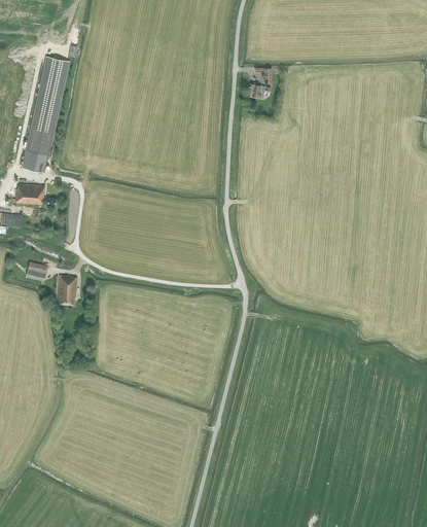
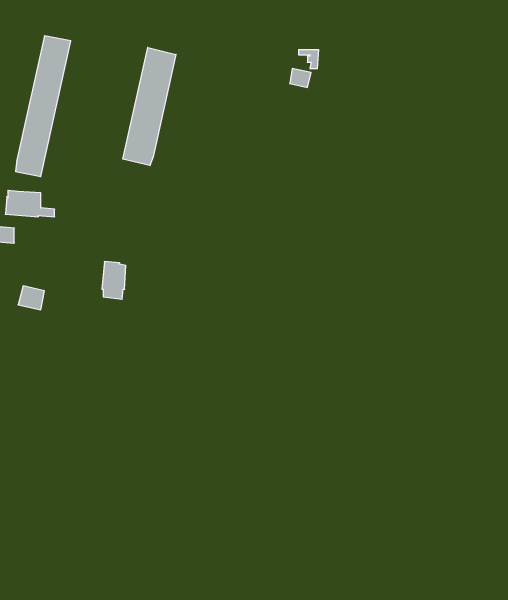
building: none -> [123,47,176,166]
building: [57,275,76,306] -> [102,262,126,299]

